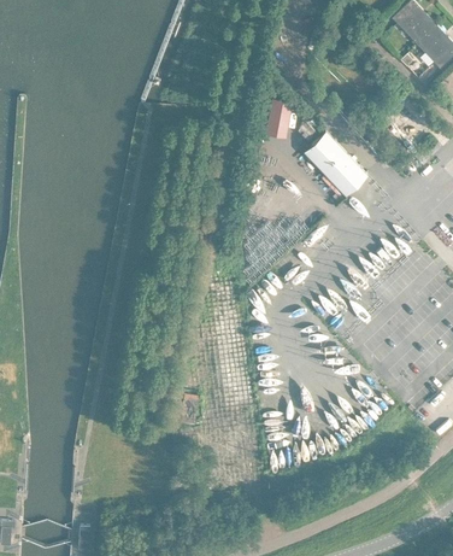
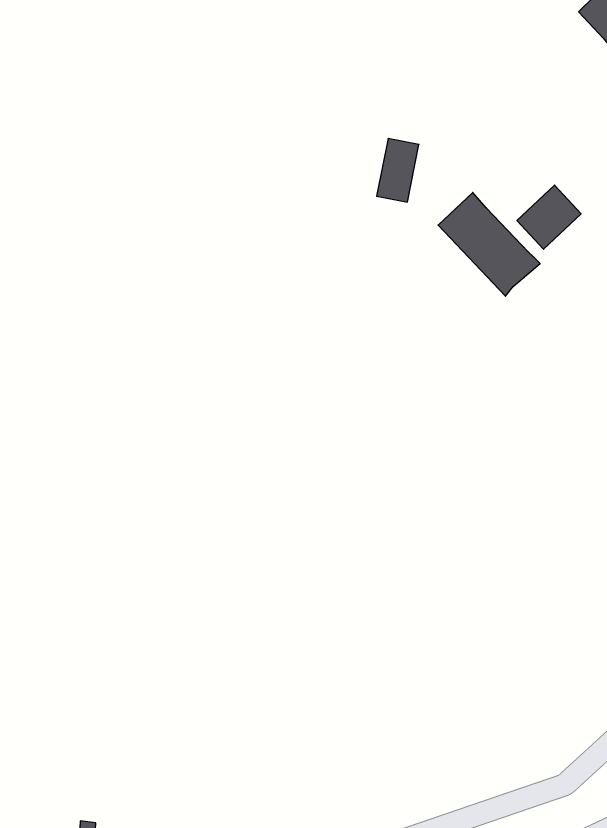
building: none -> [517,185,581,249]

